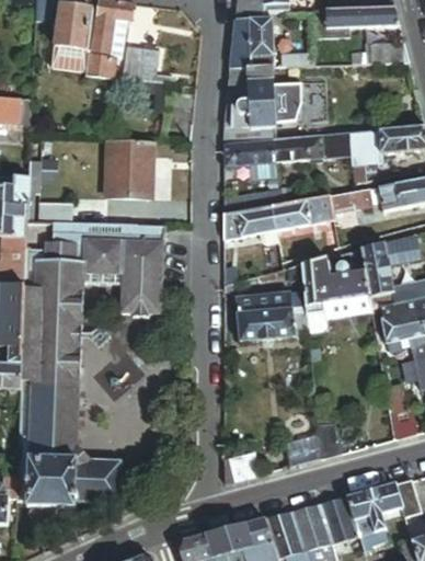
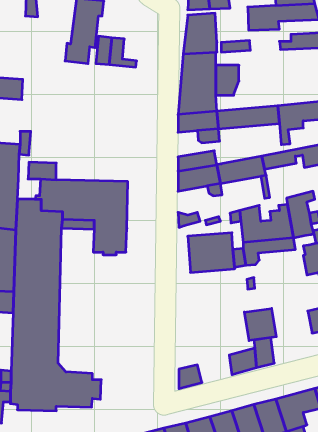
building: [54,5,92,50] -> none
building: [106,140,153,199] -> none
building: none -> [244,308,276,341]

